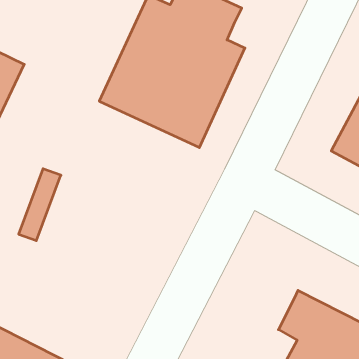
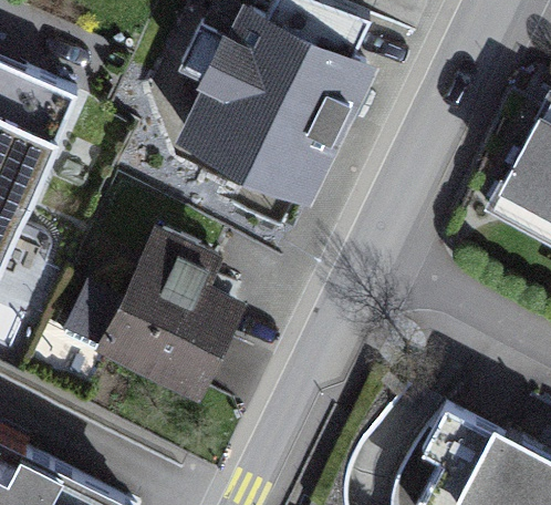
building: none -> [93,224,246,406]

